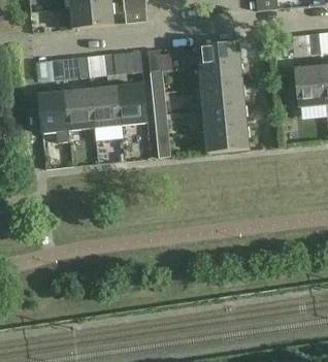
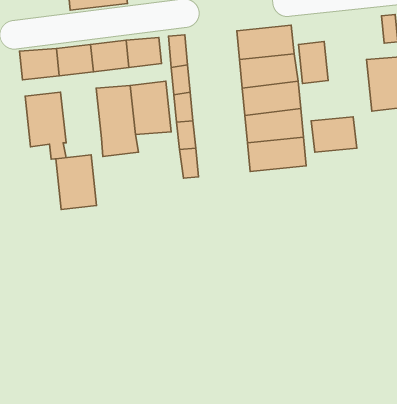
building: none -> [299,41,328,84]
building: [65,88,96,129] -> [56,155,97,209]
building: none -> [311,117,357,152]

